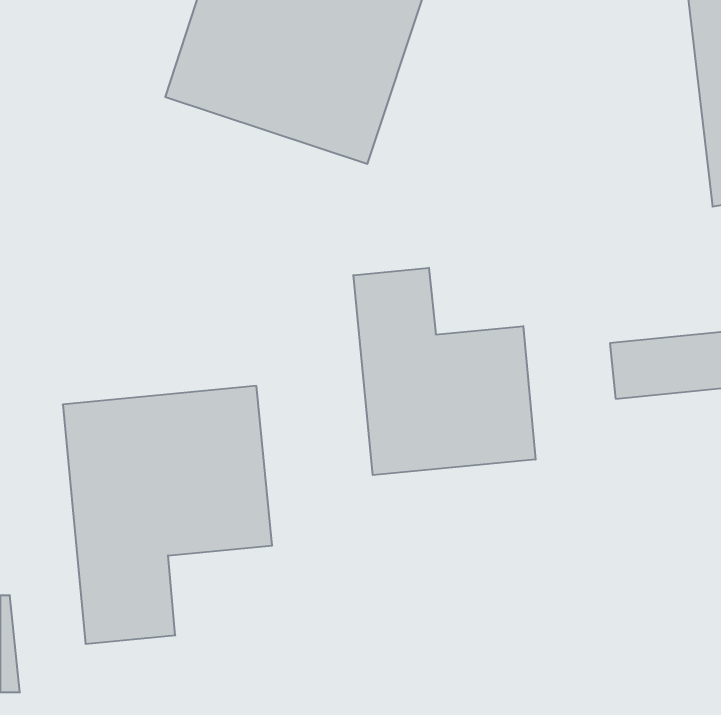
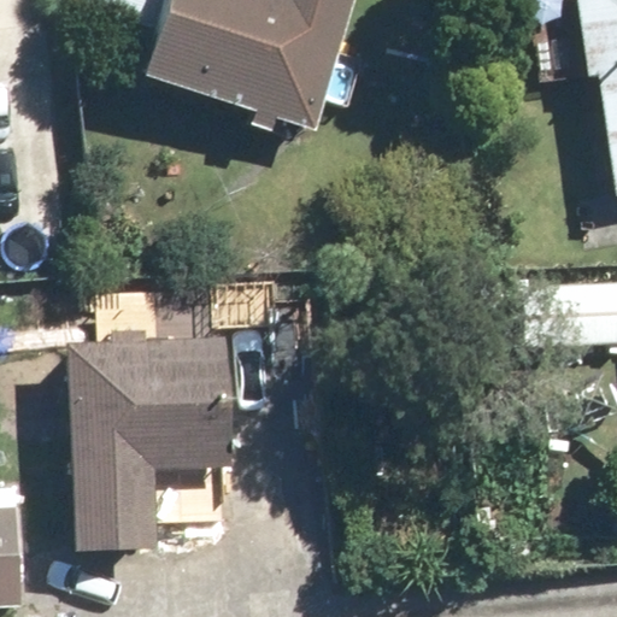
building: [353,268,536,475] -> none

